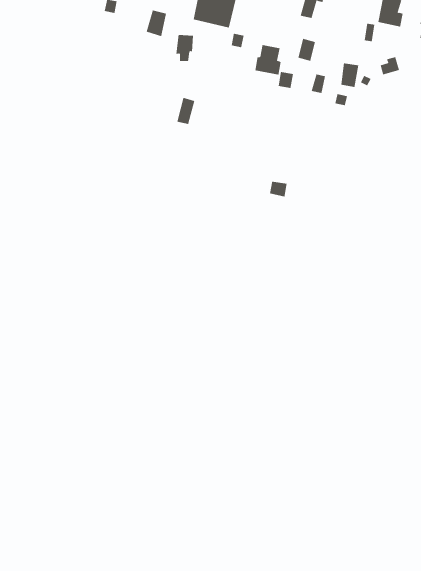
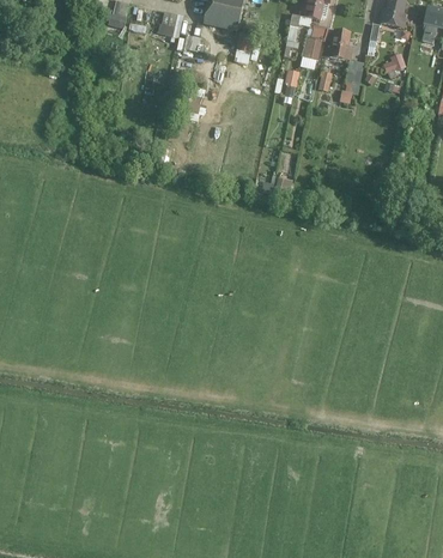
building: [254,44,282,75] -> [326,30,352,60]

